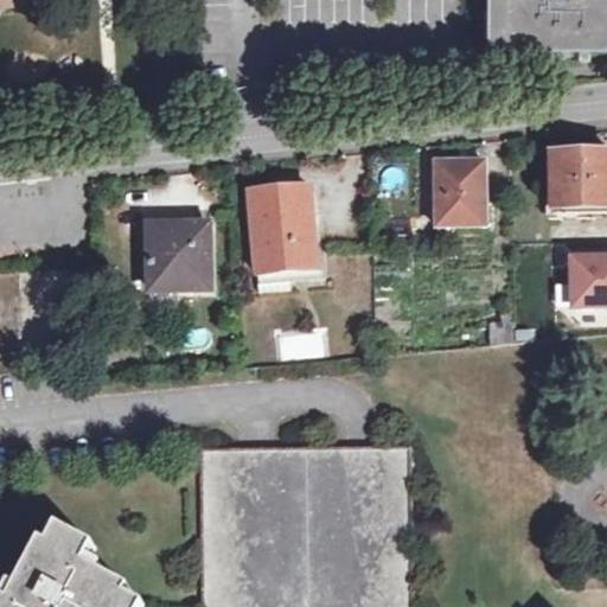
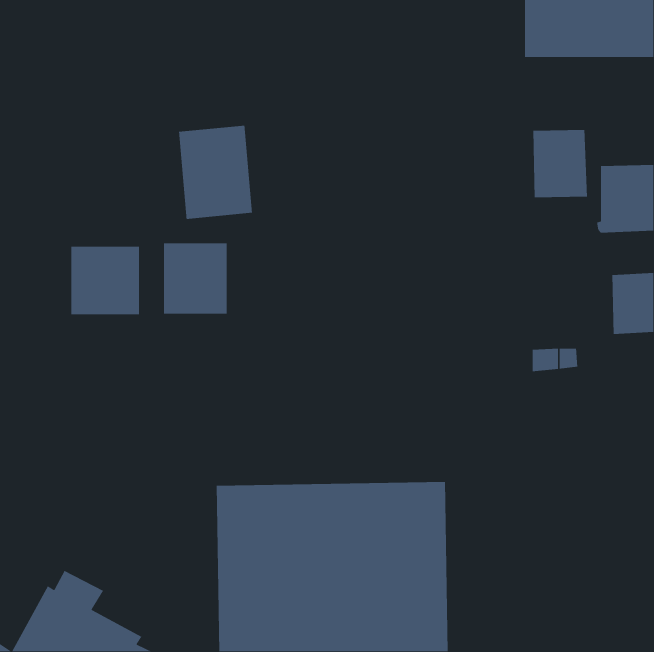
building: [435,161,486,225] -> [532,129,588,198]
building: [249,184,318,271] -> [178,125,253,220]
building: none -> [70,246,140,315]

